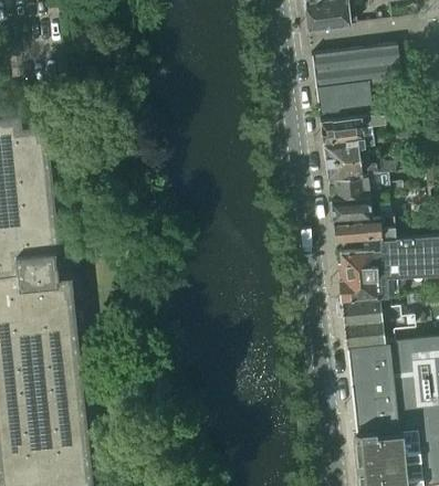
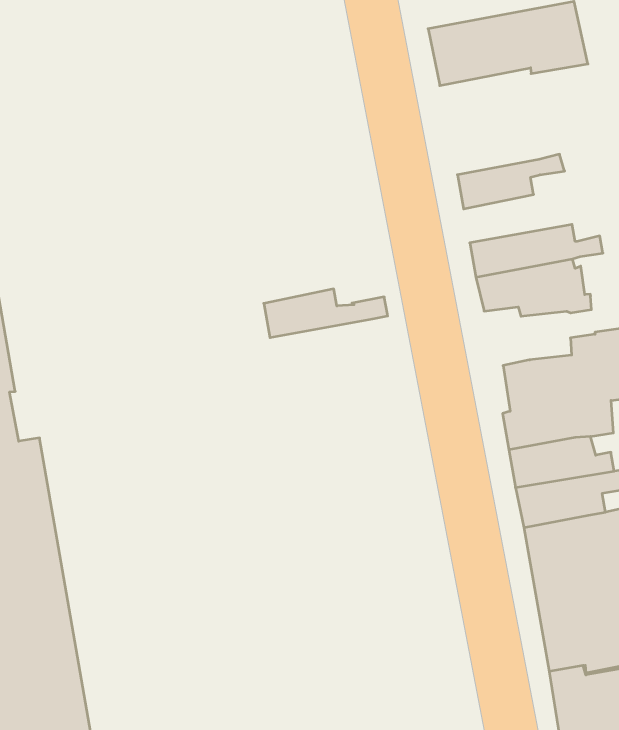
building: [315,83,372,116] -> none
building: [320,114,385,141] -> none
building: [324,156,395,181] -> [264,289,388,338]
building: [332,220,395,241] -> none

